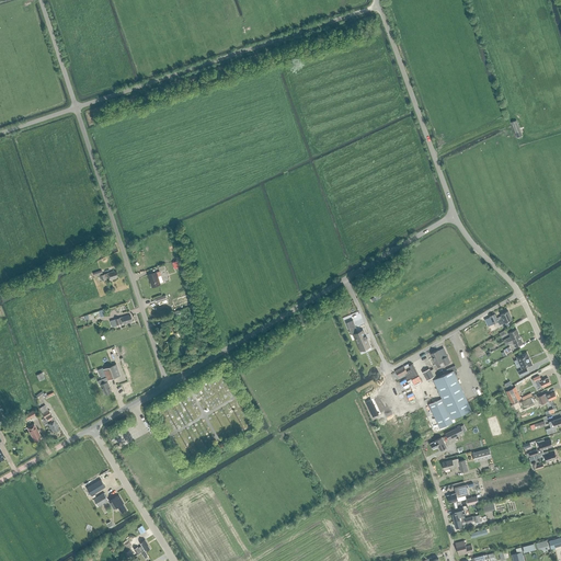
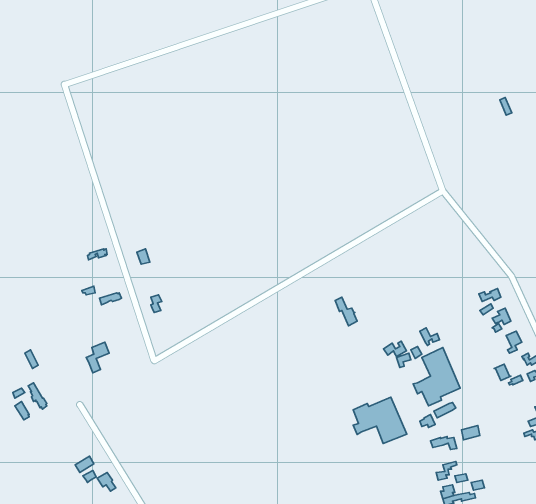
building: none -> [353,397,407,444]

